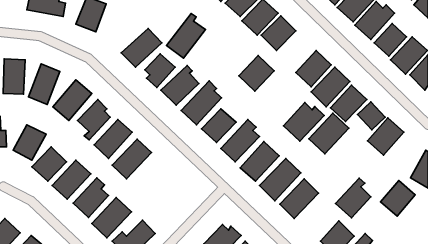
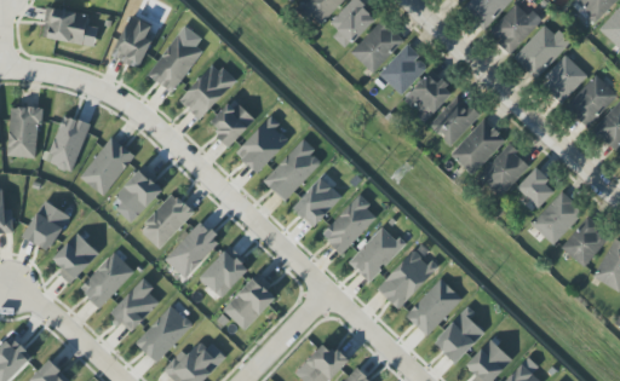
building: [167,13,205,58] -> [148,28,203,92]
building: [239,56,274,91] -> [403,70,454,121]
building: [284,103,324,141] -> none
building: [309,113,349,154] -> none
building: none -> [200,247,251,298]
building: none -> [223,275,279,329]
building: [335,178,371,218] -> [434,306,484,363]
building: [380,181,415,216] -> [561,217,610,267]

